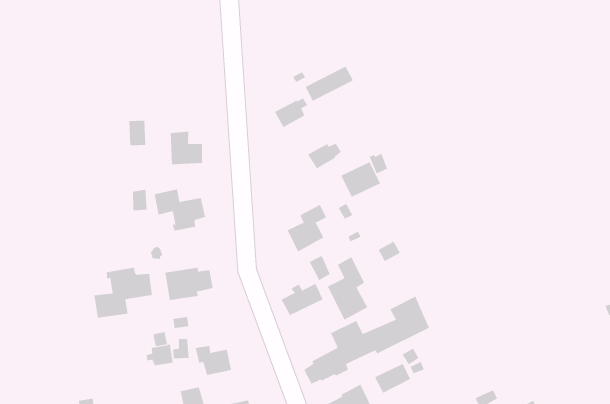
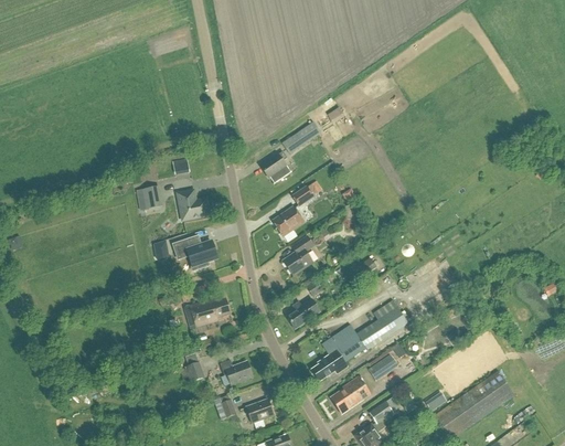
building: [341,161,381,198] -> [271,205,305,236]
building: [327,257,368,321] -> none
building: [94,267,153,319] -> none

